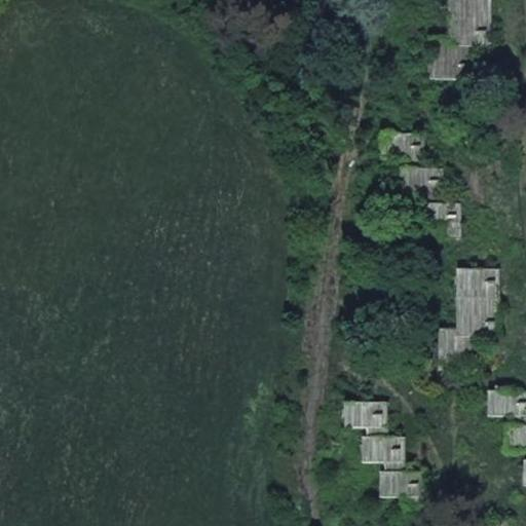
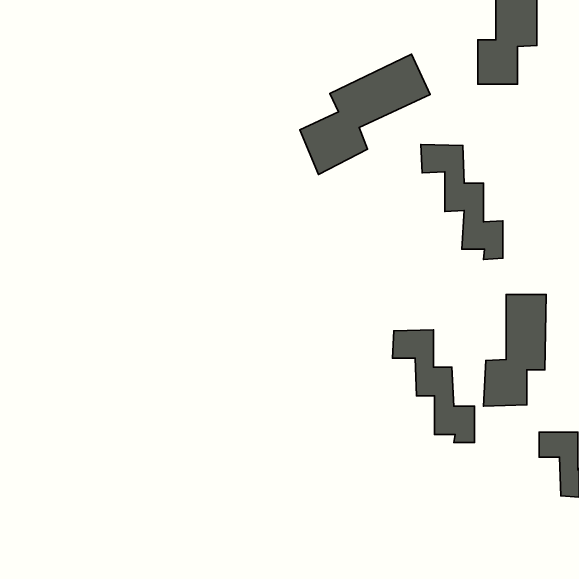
building: none -> [300,54,430,175]
building: [343,402,417,503] -> [393,330,474,442]

